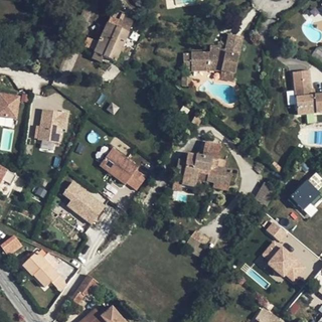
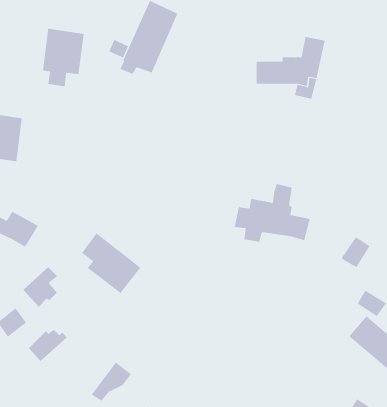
building: [36,108,67,151] -> [42,28,84,87]
building: [99,149,149,190] -> none
building: [33,257,59,287] -> [22,267,58,307]

